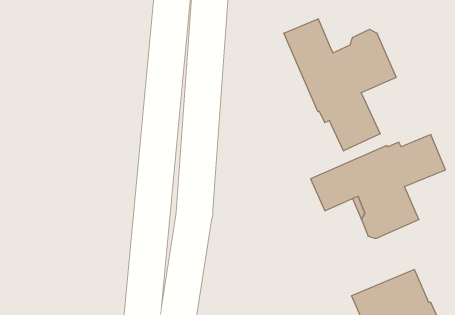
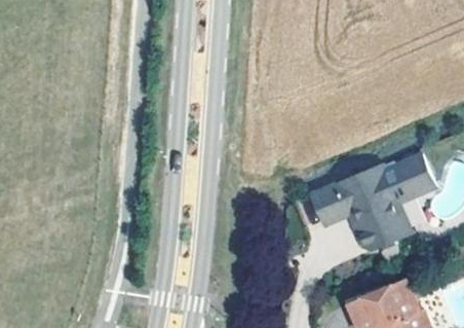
building: [284,19,396,151] -> none

